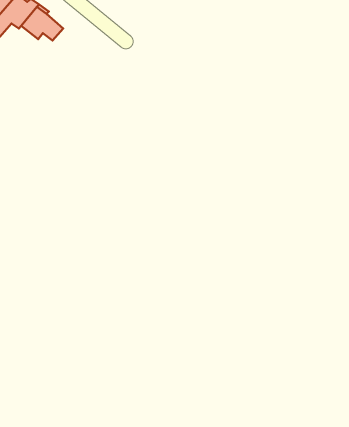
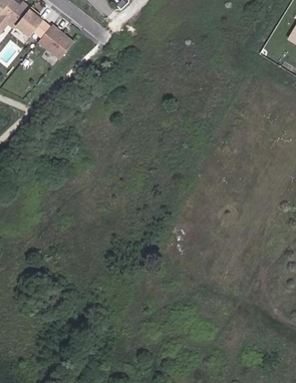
building: none -> [43,23,78,58]

